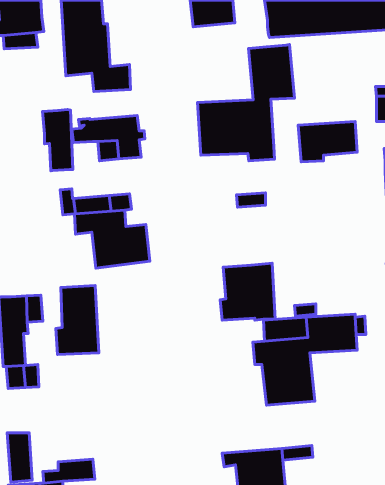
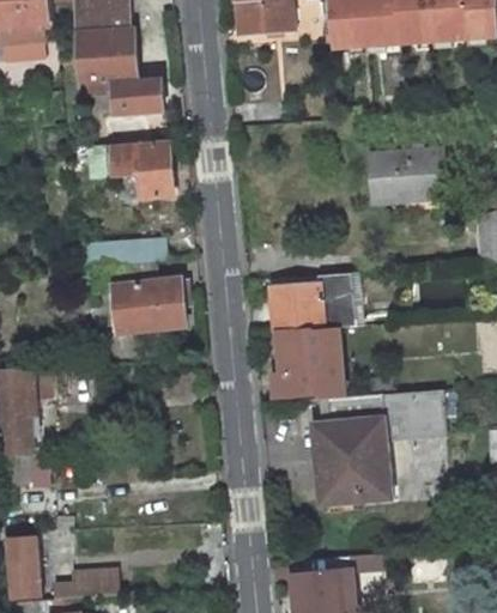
building: [197,45,294,161] -> none
building: [43,110,73,171] -> none
building: none -> [272,273,364,332]
building: [56,286,99,355] -> none

